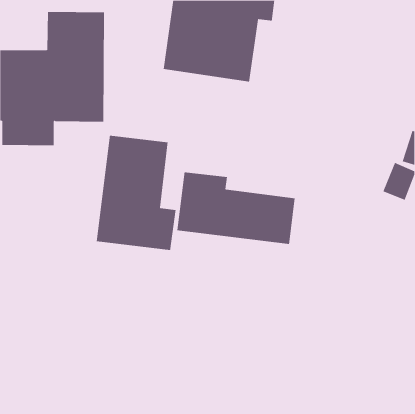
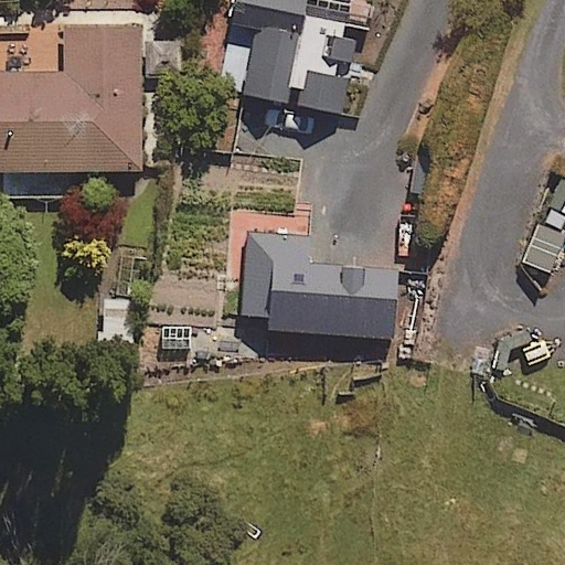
building: [96,135,176,251] -> none

